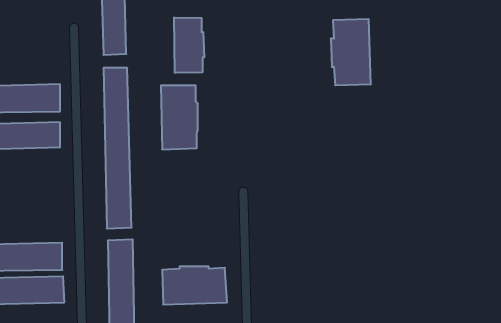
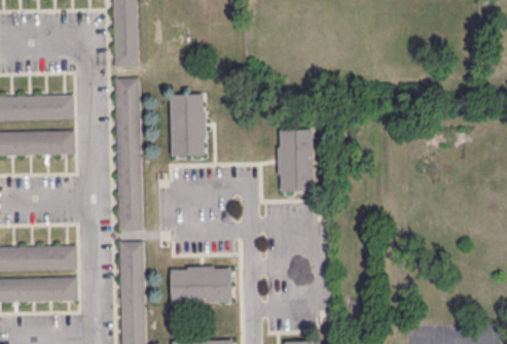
building: [174,17,204,73] -> none
building: [331,19,371,85] -> [277,129,315,192]

